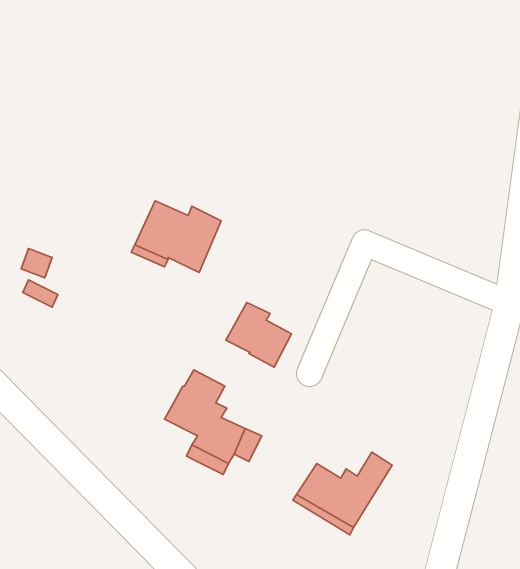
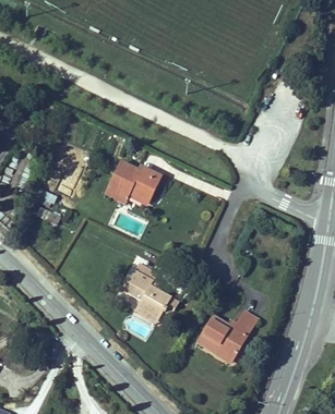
building: [226,302,291,367] -> none

